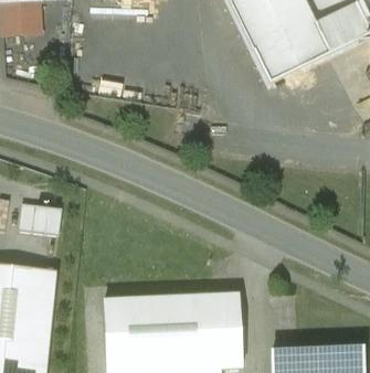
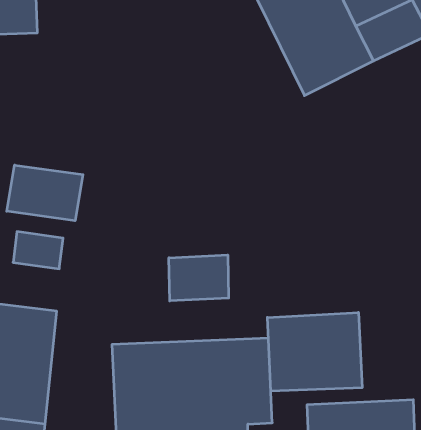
building: none -> [7,165,83,221]
building: none -> [169,255,229,301]
building: none -> [267,312,362,391]

